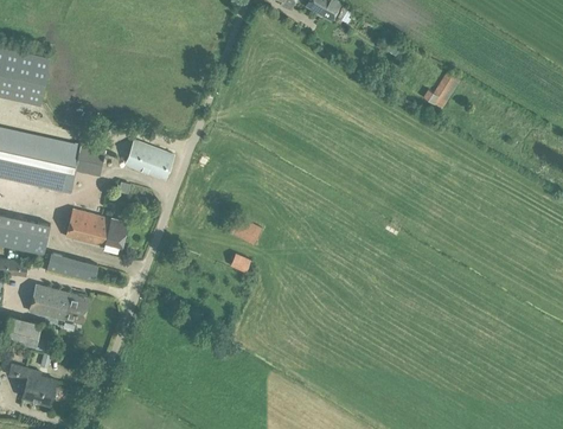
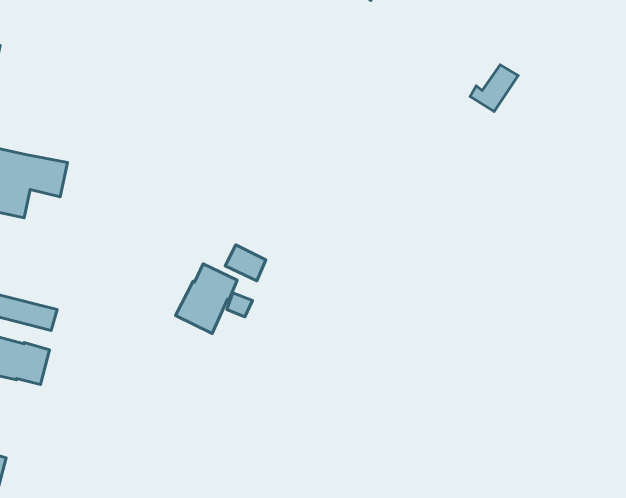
building: [123,140,173,179] -> none
building: [64,209,127,252] -> none
building: none -> [176,264,237,333]

